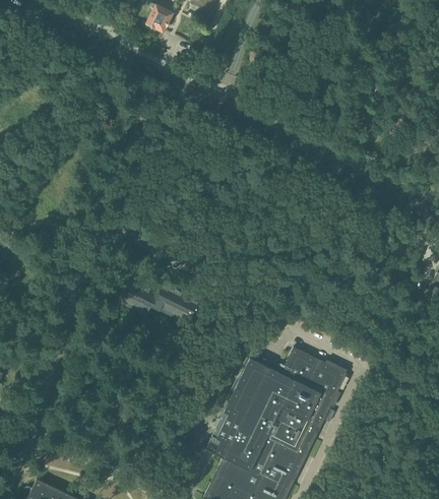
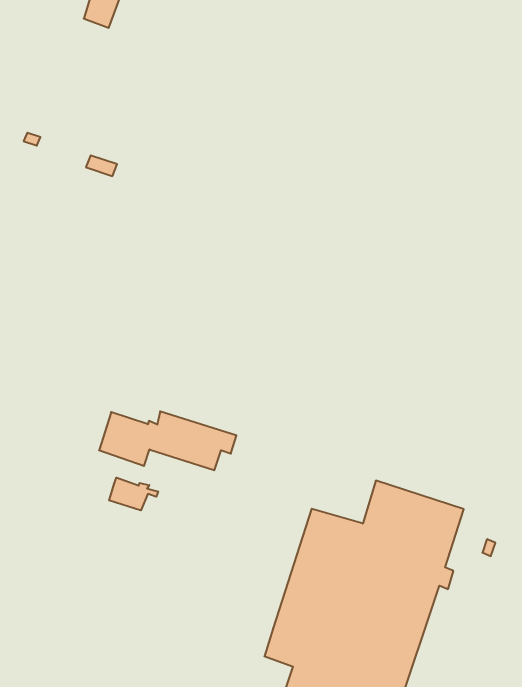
building: none -> [109,478,158,510]

